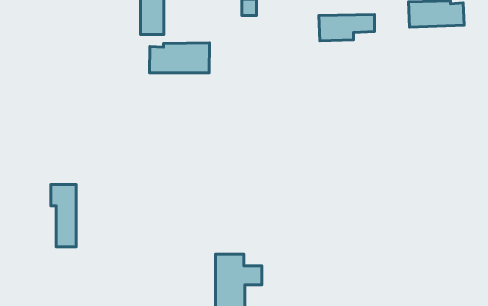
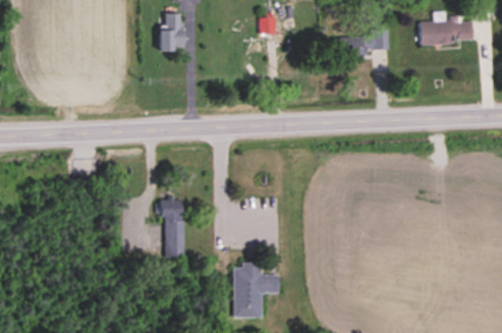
building: [150,43,209,73] -> none
building: [51,185,76,247] -> [159,198,183,258]

